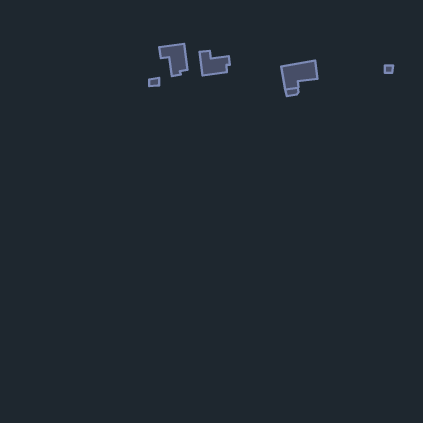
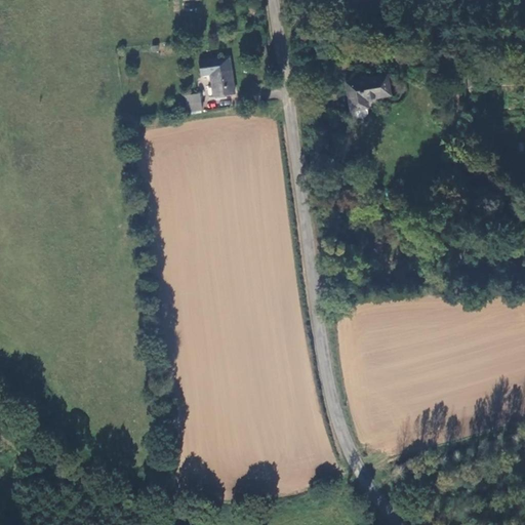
building: [199,51,230,75] -> none

